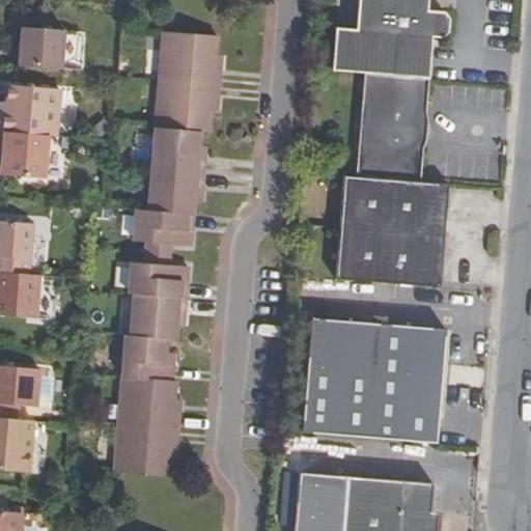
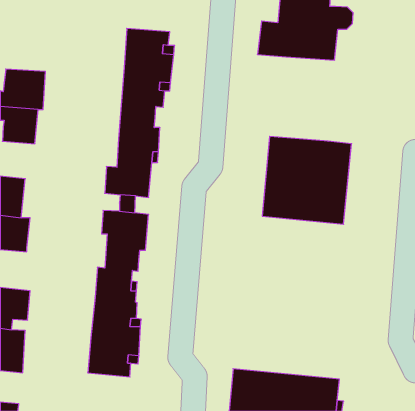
building: [17,30,63,73] -> none
building: [356,73,428,180] -> none
building: [300,315,445,442] -> none

